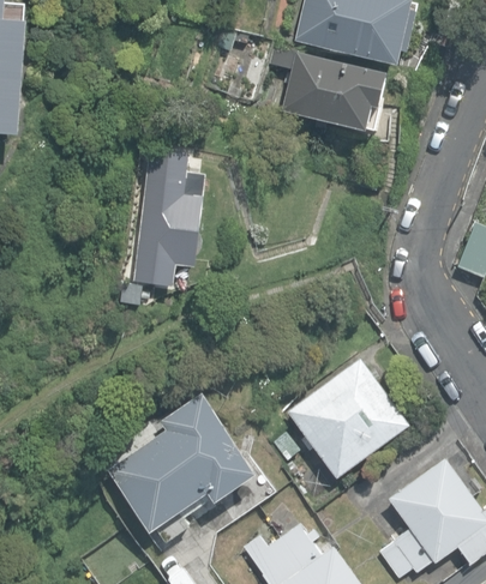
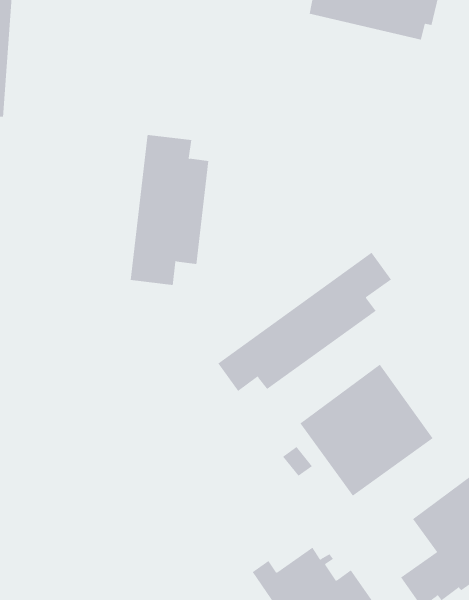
building: [269,47,386,131] -> none
building: none -> [217,252,392,392]
building: [107,393,256,531] -> none

